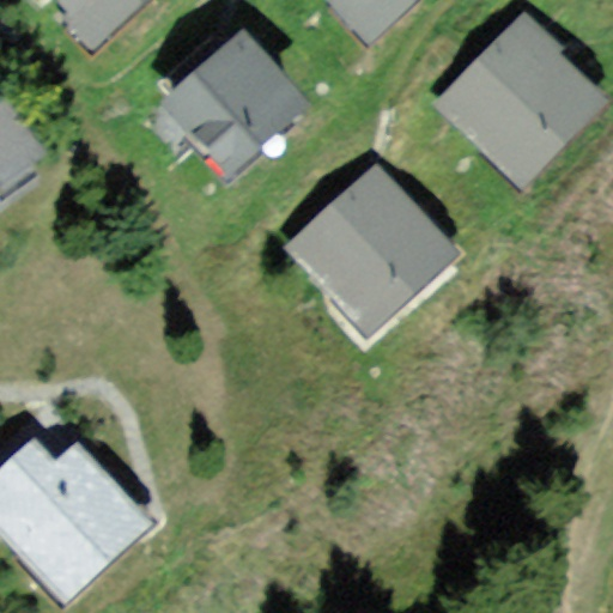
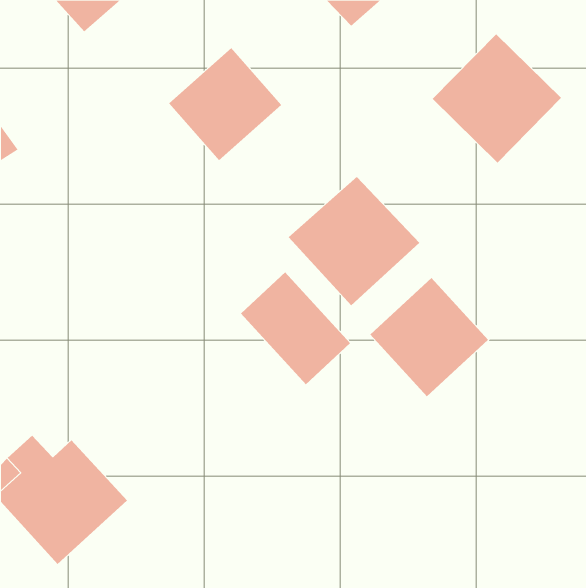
building: none -> [240,272,351,385]
building: none -> [370,277,489,397]

